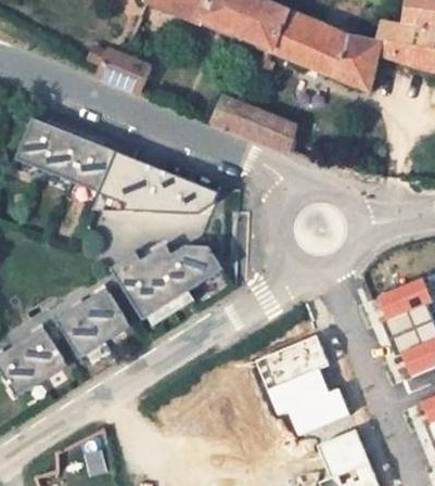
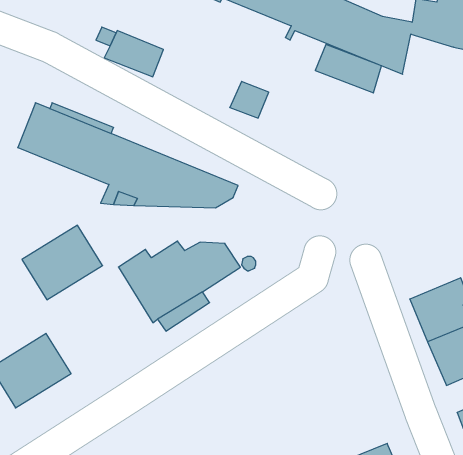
building: [238,107,298,152] -> [315,44,382,93]
building: [55,290,129,358] -> [22,225,103,300]
building: [255,335,349,435] -> none

